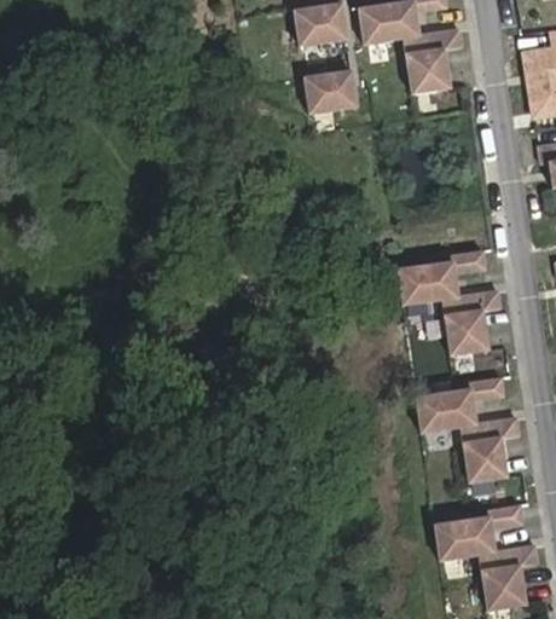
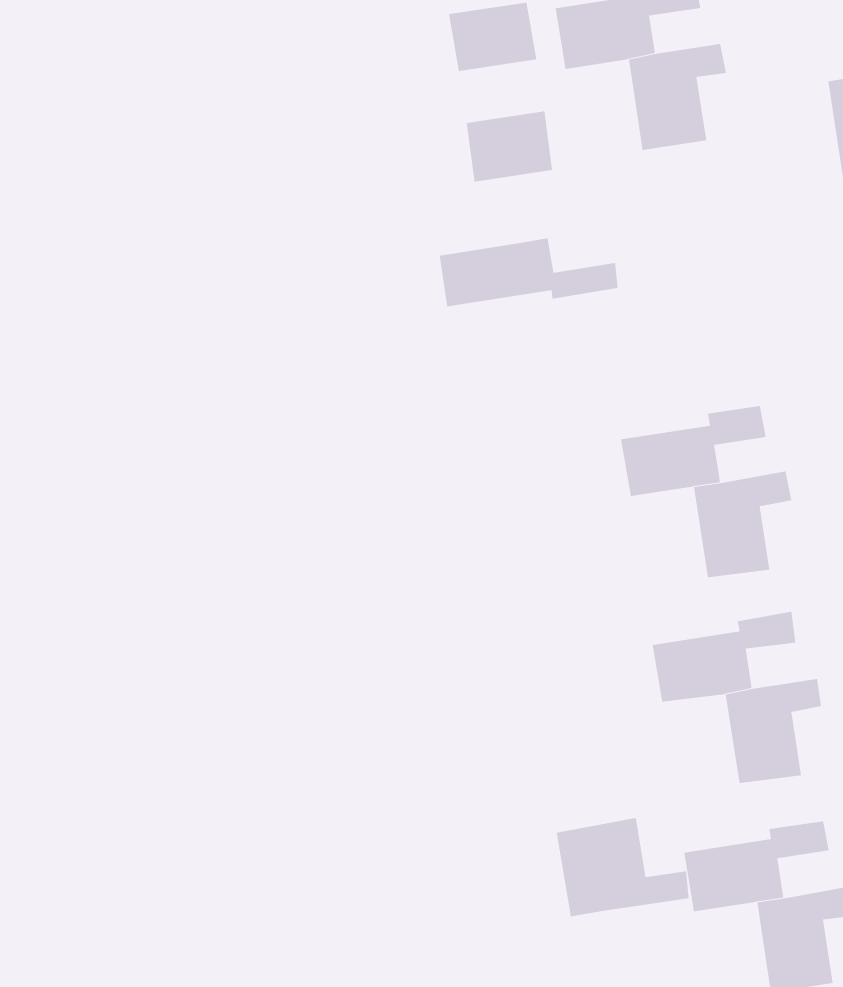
building: none -> [439,238,618,307]
building: none -> [556,817,689,917]

